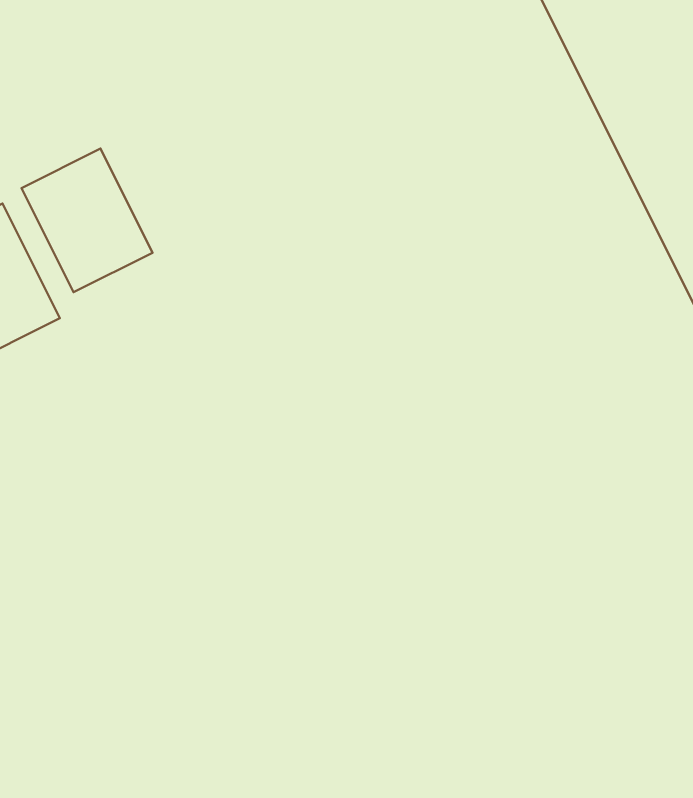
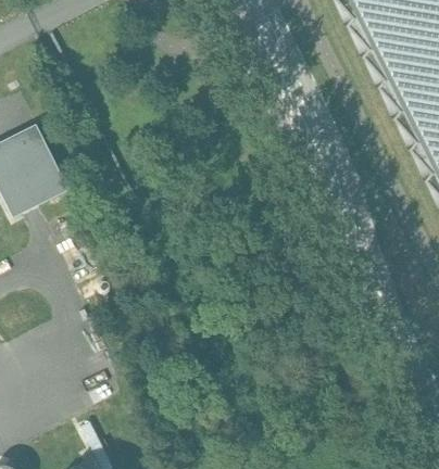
building: [21,149,152,292] -> none

